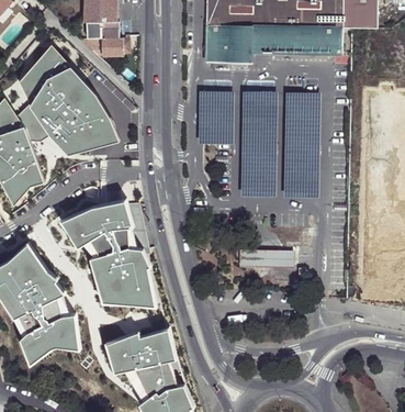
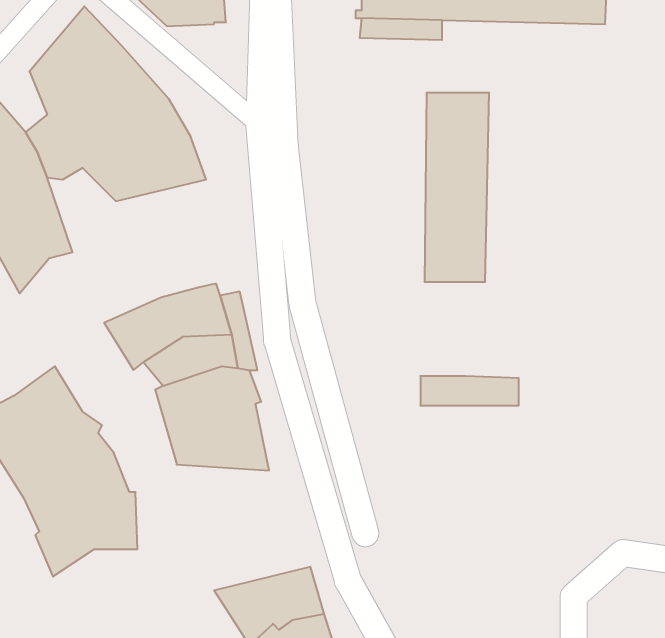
building: [198,93,233,146] -> none
building: [283,94,319,200] -> none
building: [104,330,177,374] -> none

